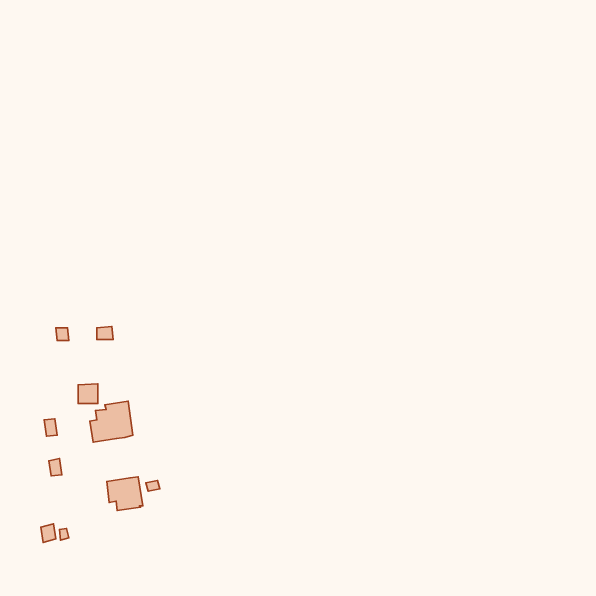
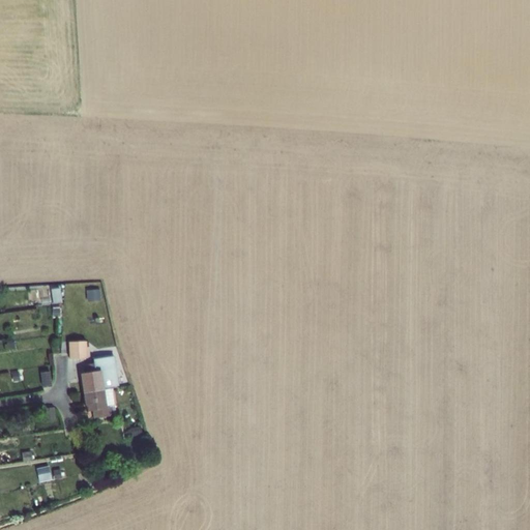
building: [107,477,143,511] -> [83,388,115,418]

